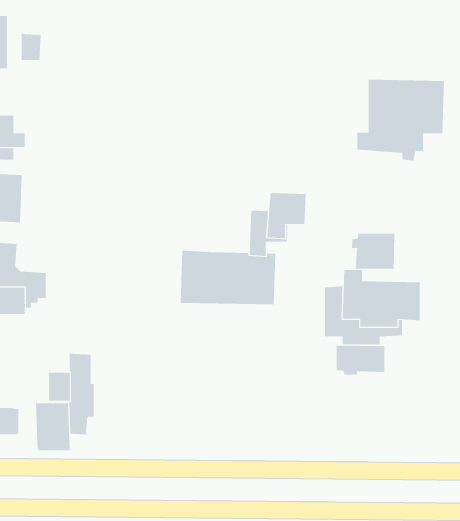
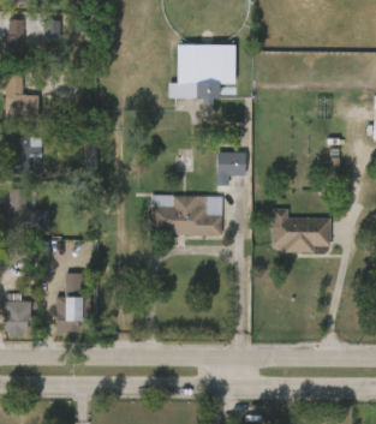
building: [356,79,445,161] -> [175,38,241,100]
building: [351,233,395,269] -> none
building: [336,345,385,375] -> none

